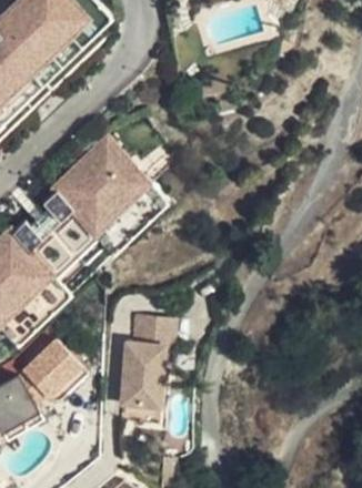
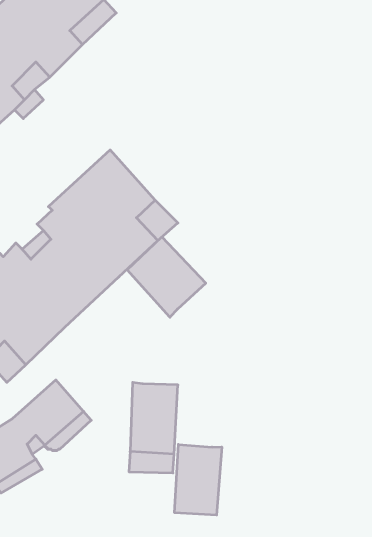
building: none -> [127,237,206,317]
building: [132,315,173,344] -> none
building: none -> [175,444,222,515]

